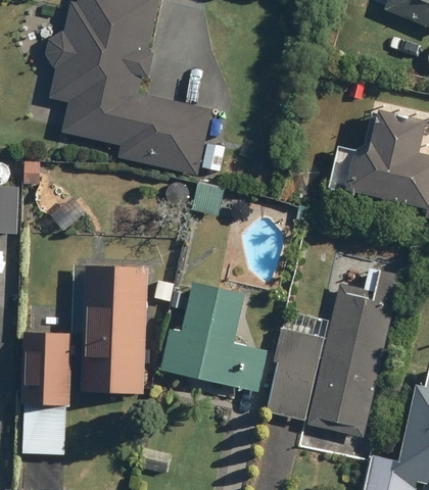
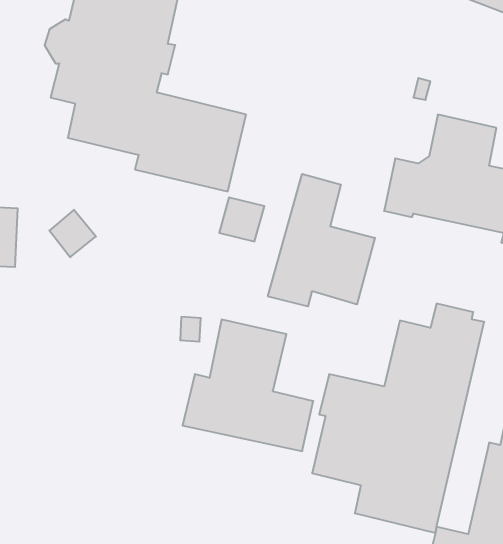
building: none -> [268,174,375,306]
building: [81,266,149,395] -> none
building: [20,332,74,443] -> none

